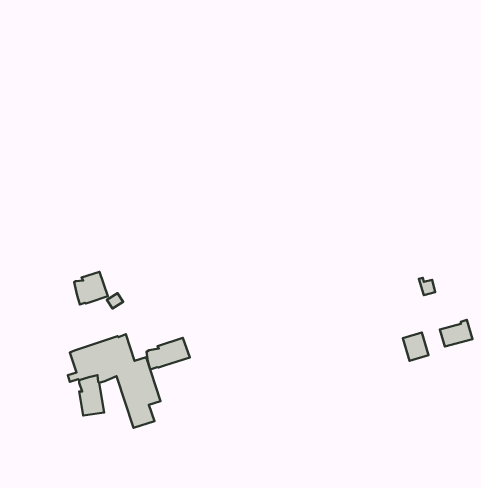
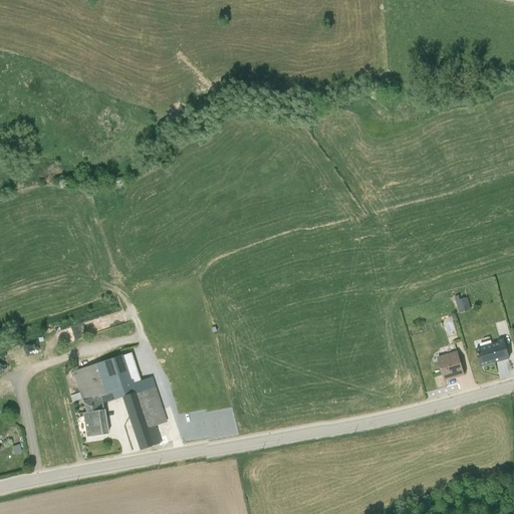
building: [74,272,108,304] -> none
building: [146,338,190,370] -> none

